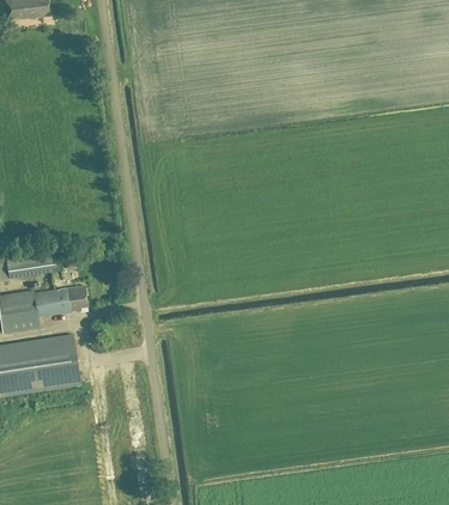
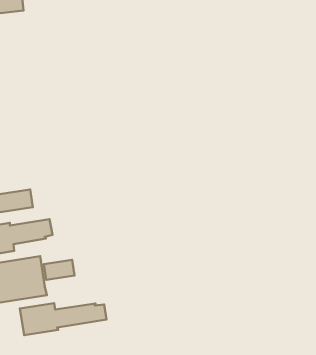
building: none -> [44,260,75,280]
building: none -> [20,303,106,335]

